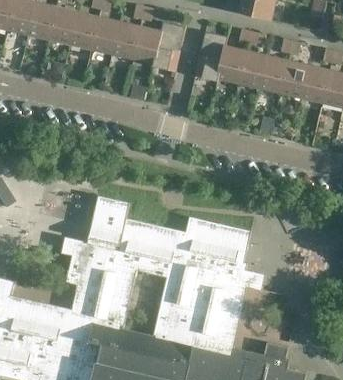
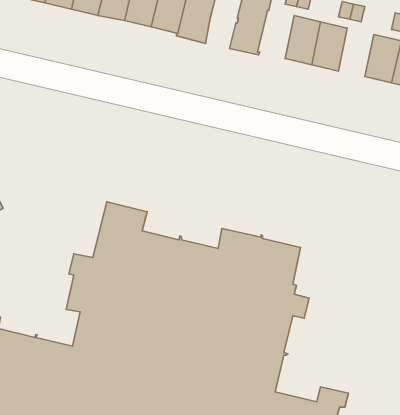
building: [217,45,246,83] -> none
building: [281,59,309,97] -> none

